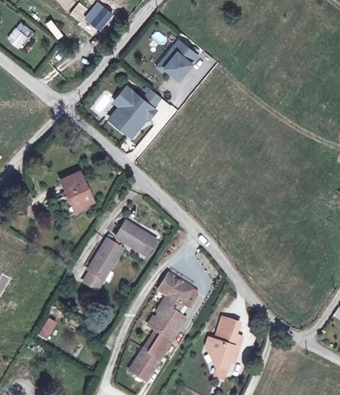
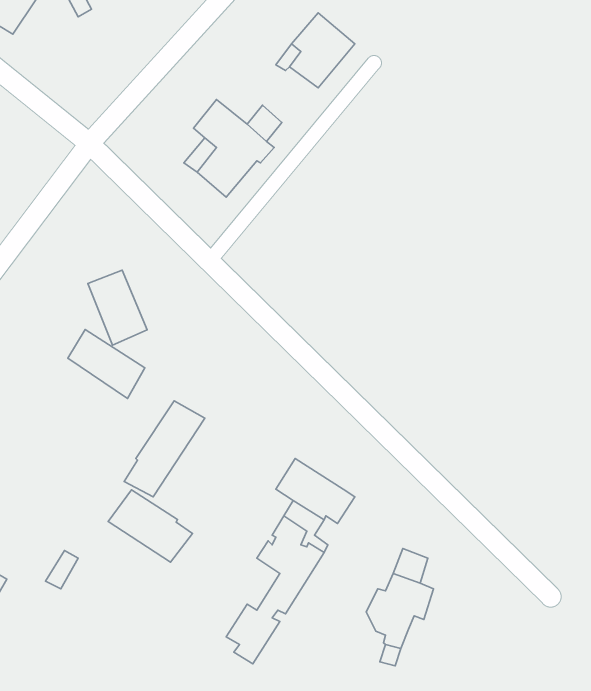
building: [114,222,154,258] -> [68,330,145,399]
building: none -> [108,490,192,562]

